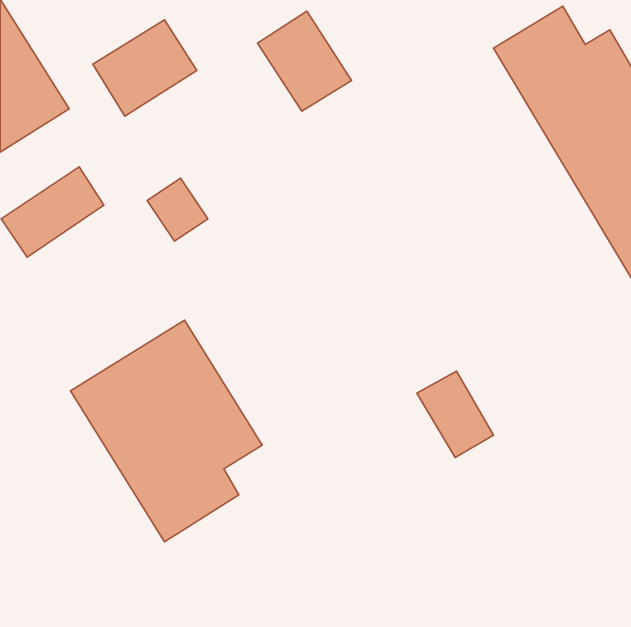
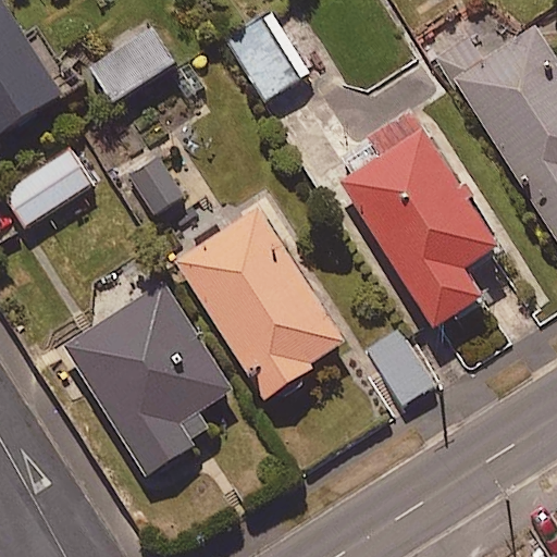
building: none -> [343,112,492,329]
building: none -> [176,208,345,397]

